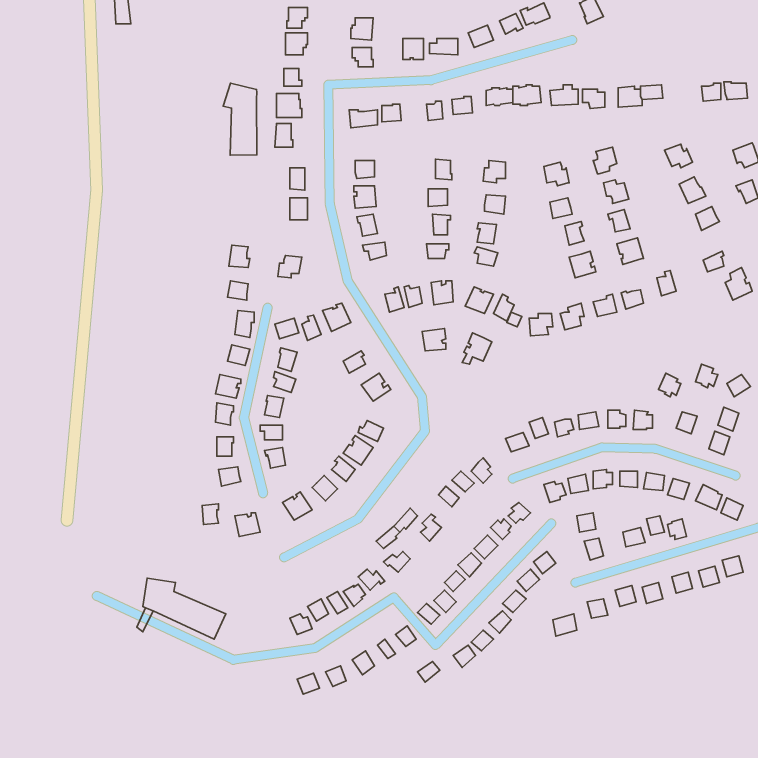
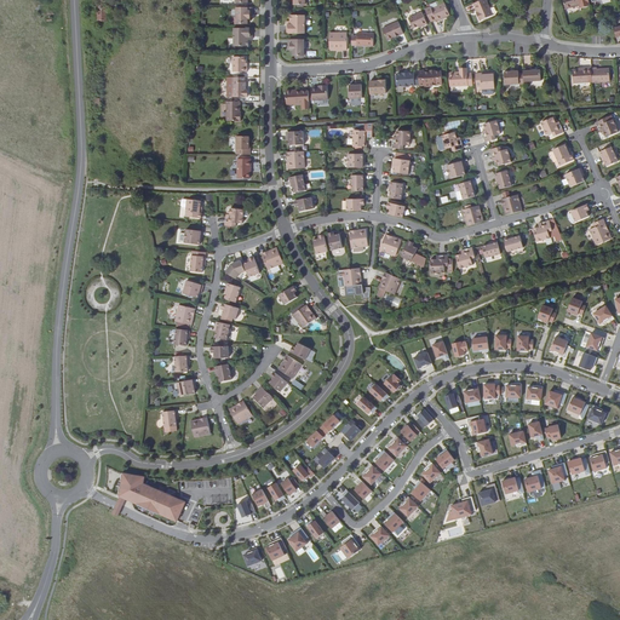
building: [223,83,257,155] -> none

